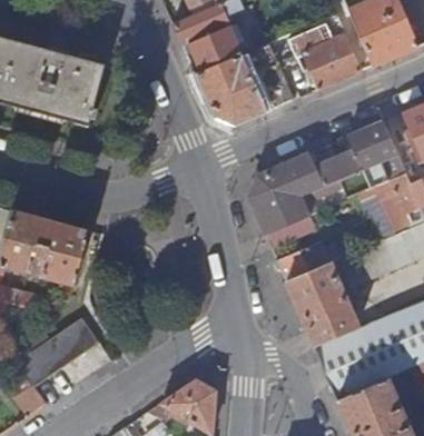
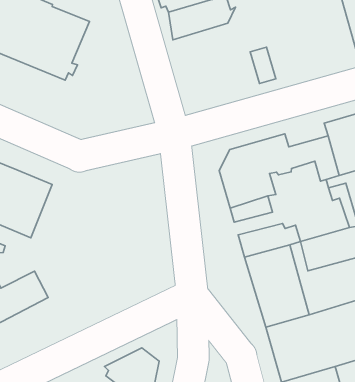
building: [289,23,362,89] -> none
building: [184,42,265,126] -> none

